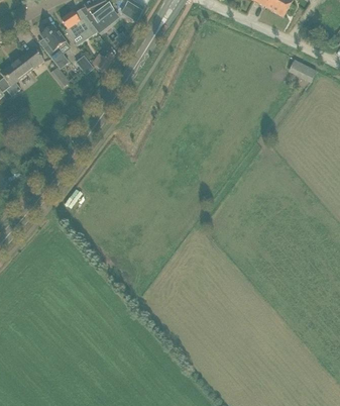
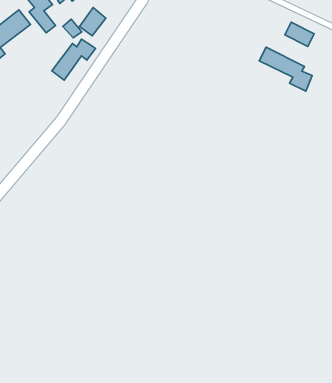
building: none -> [52,39,95,80]
building: none -> [259,47,312,91]

